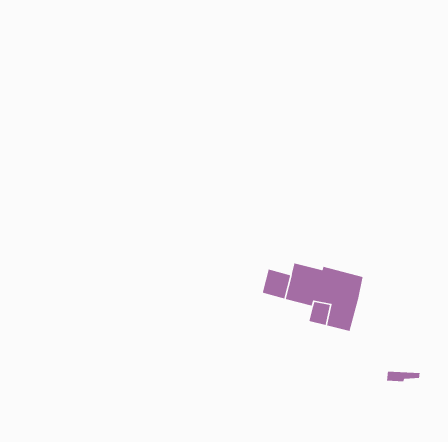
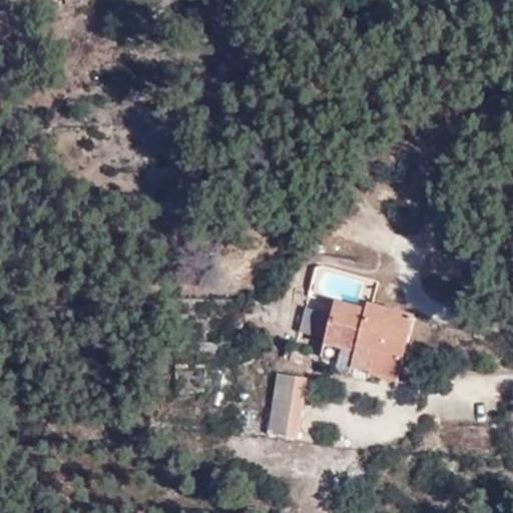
building: none -> [267,374,306,437]

